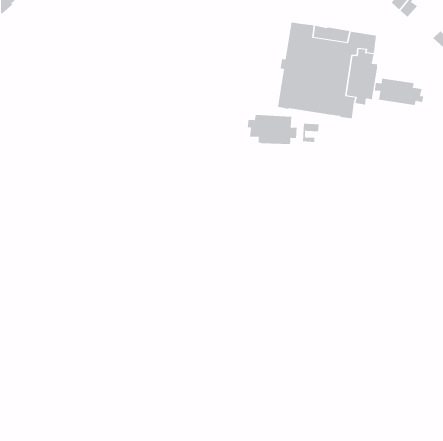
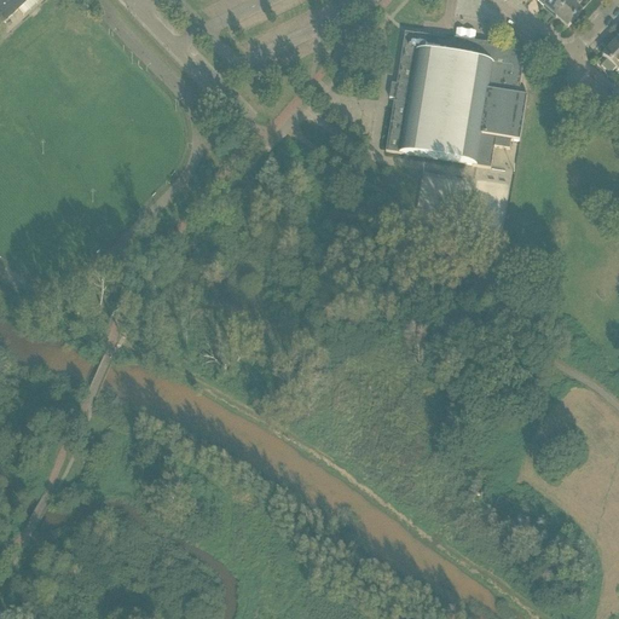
building: [374,78,424,106] -> none
building: [247,114,297,145] -> none

